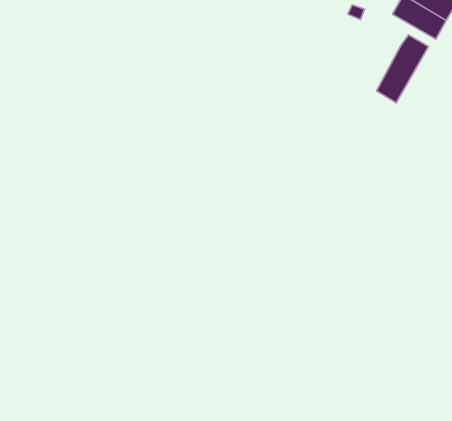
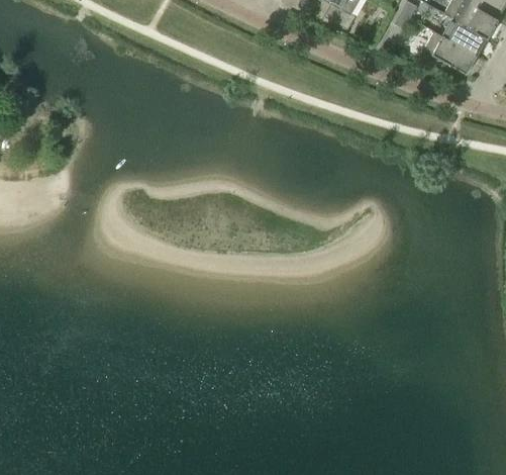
building: [376,35,428,103] -> none

